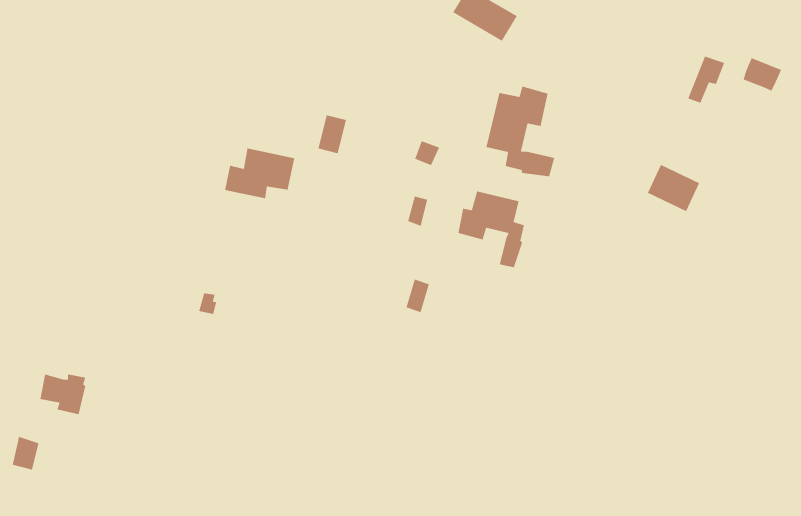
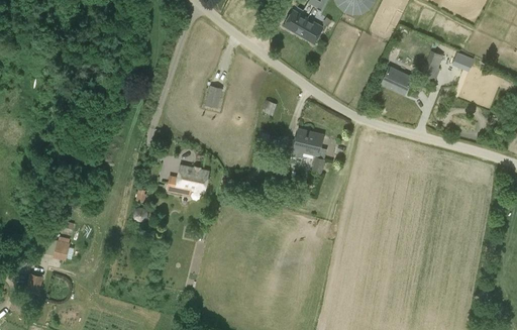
building: [485,85,555,177] -> none
building: [224,147,295,199] -> [166,166,207,196]
building: [647,164,700,212] -> [380,67,411,95]

